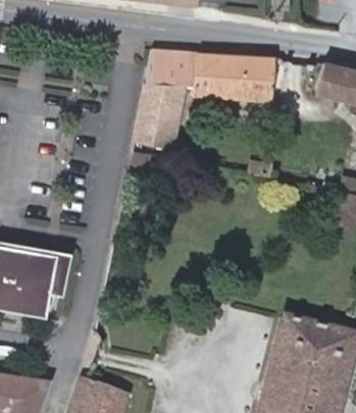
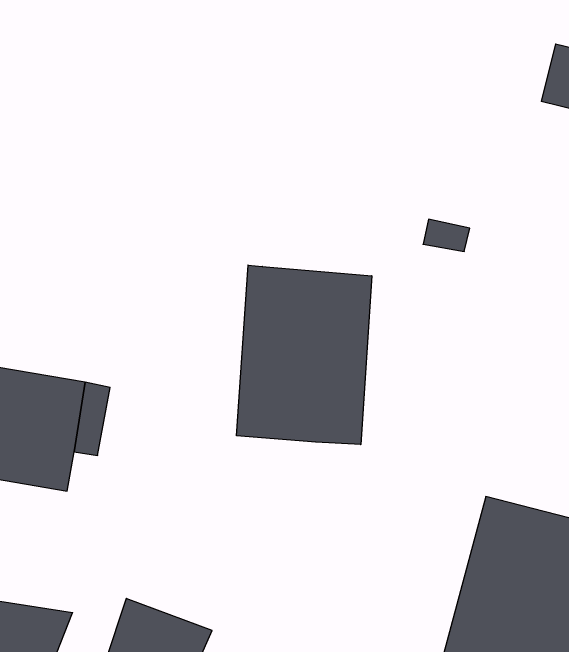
building: [135,49,274,143] -> none
building: none -> [237,265,372,445]

